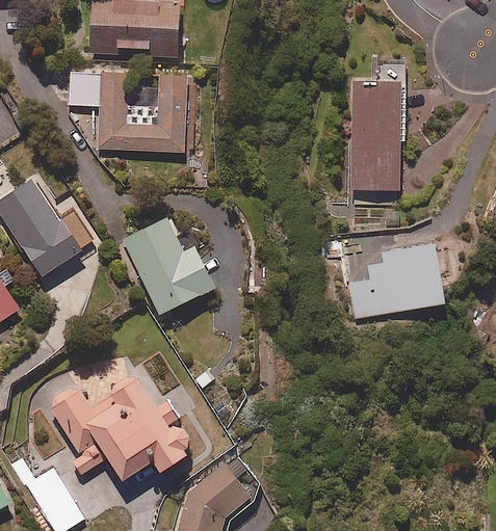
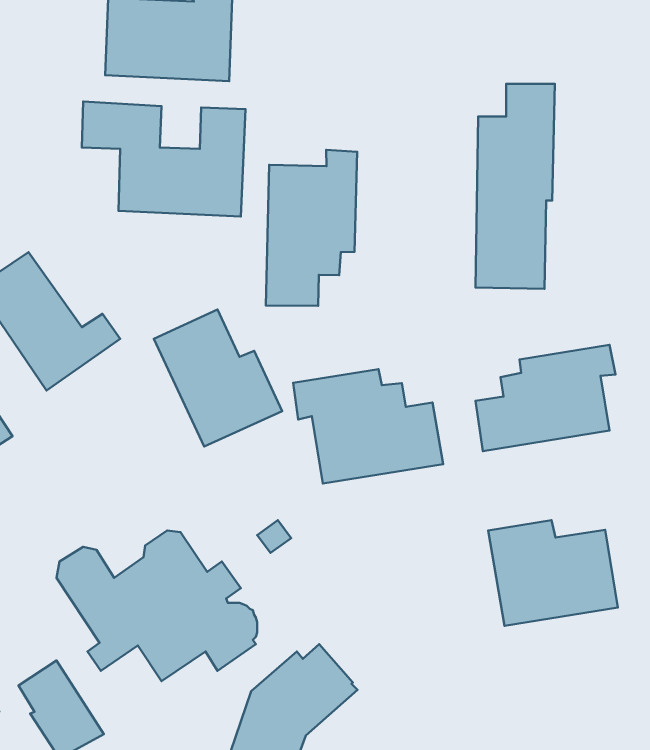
building: none -> [266,150,357,306]
building: none -> [293,369,443,484]
building: none -> [488,520,618,626]

